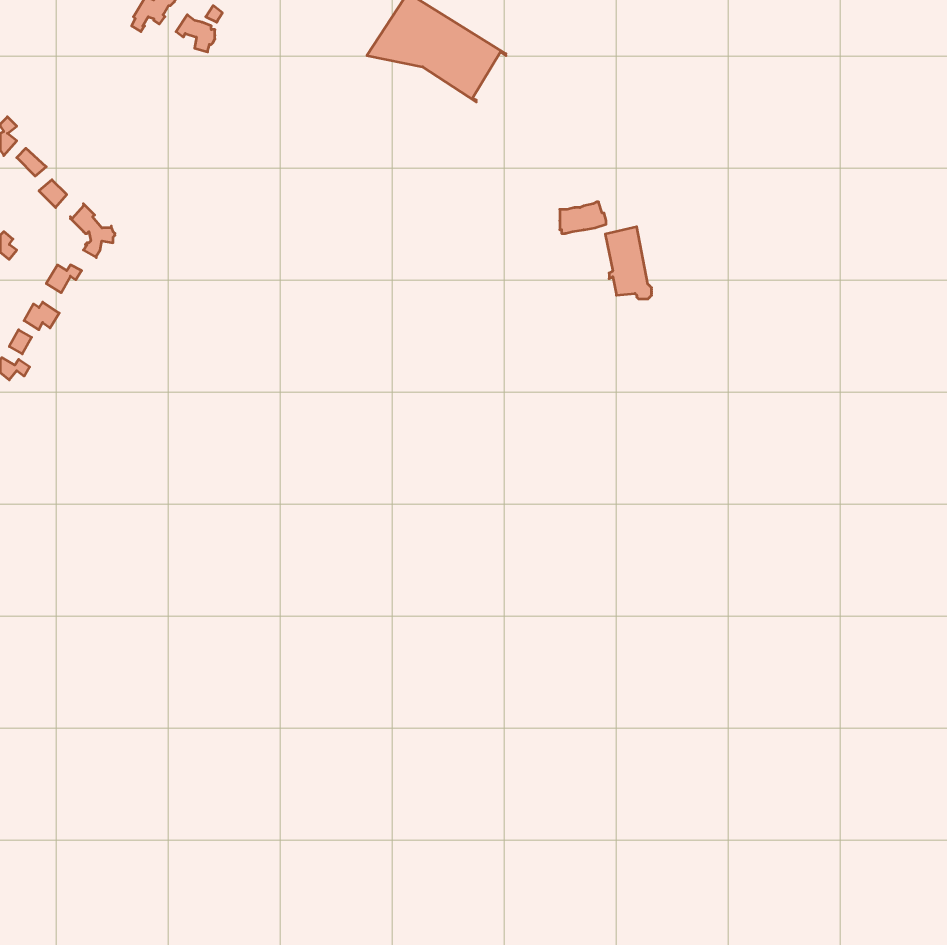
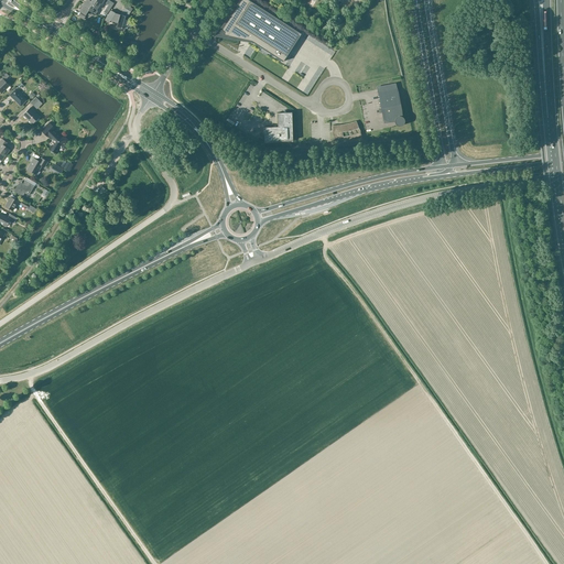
building: none -> [264,111,293,140]
building: [605,227,652,299] -> [377,82,404,124]

